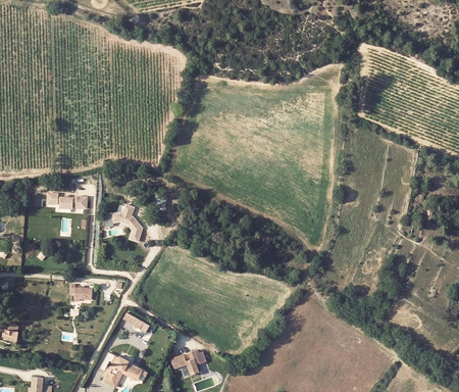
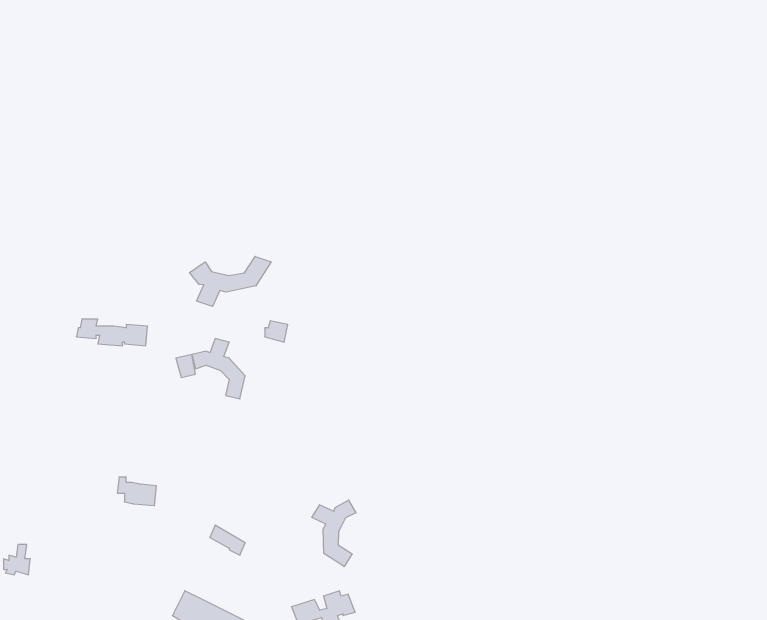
building: none -> [190,256,271,306]
building: none -> [312,500,356,567]

